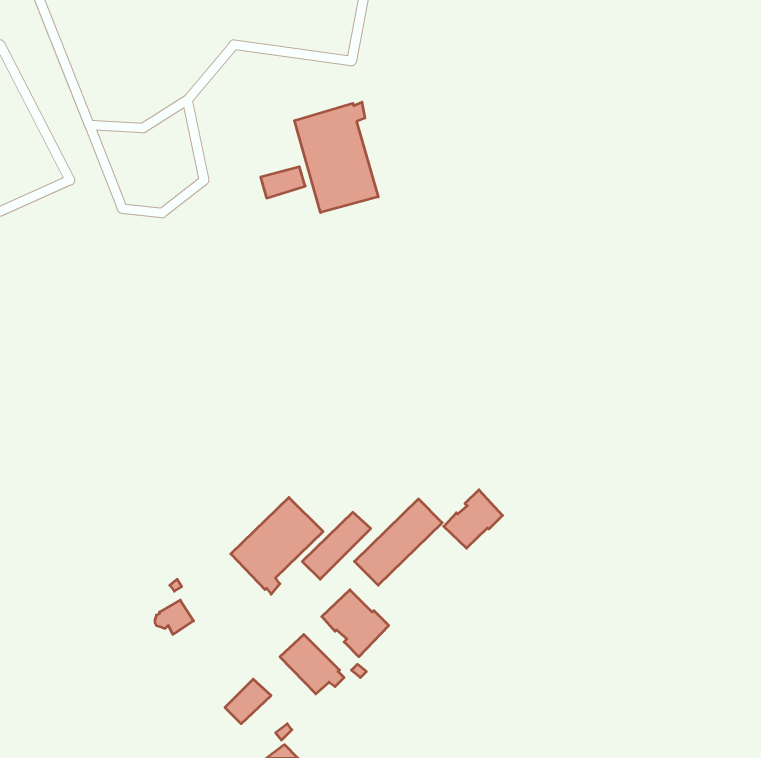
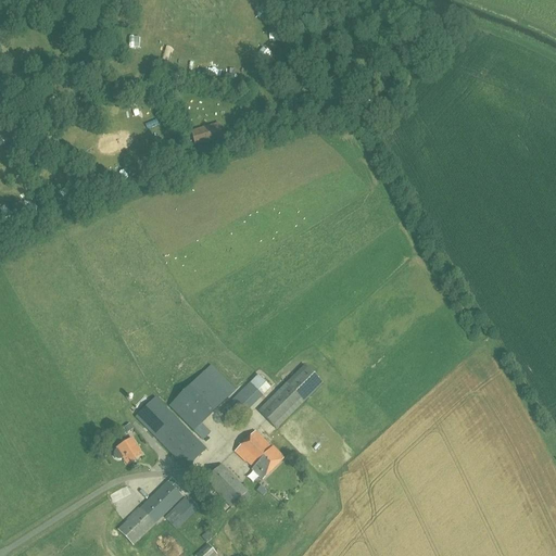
building: [294,102,378,213] -> none
building: [444,490,503,548] -> none
building: none -> [135,395,206,466]
building: none -> [118,480,181,543]

